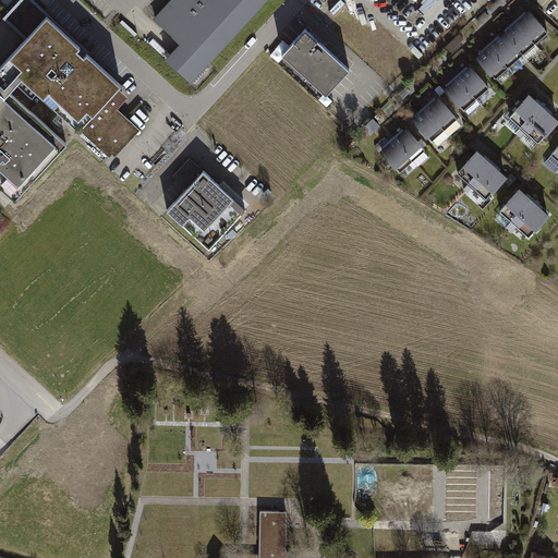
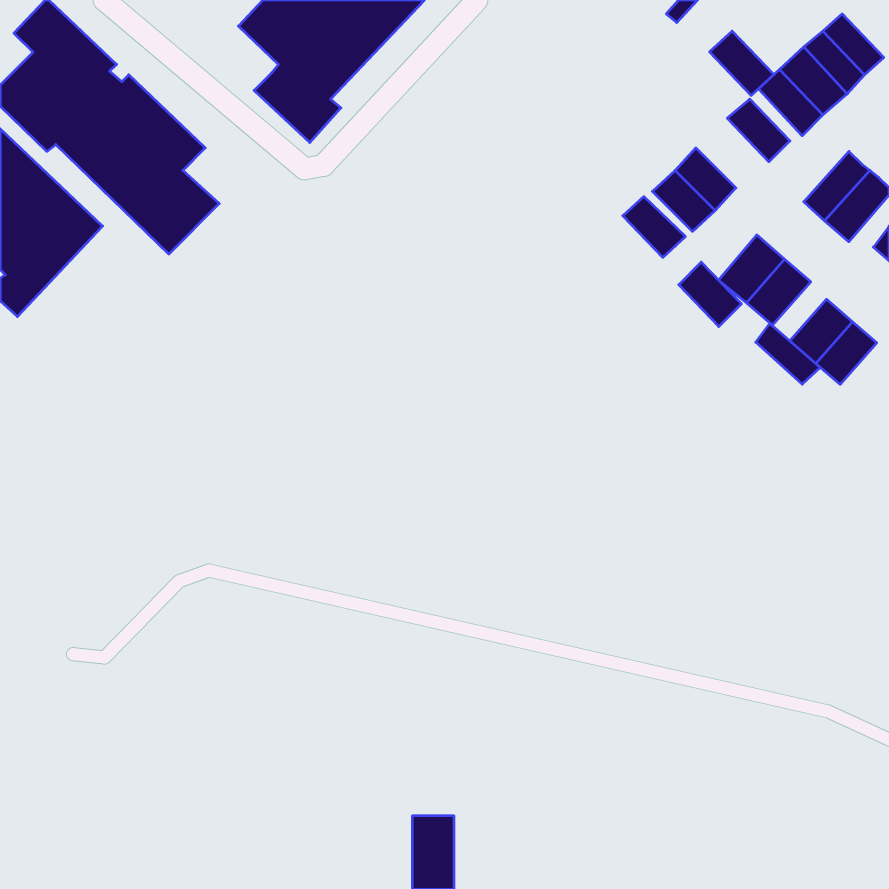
building: [283,27,352,95] -> none
building: [441,74,482,114] -> [710,31,774,95]
building: [376,135,415,175] -> [679,262,741,327]
building: [162,155,245,250] -> none
building: none -> [756,324,820,384]

